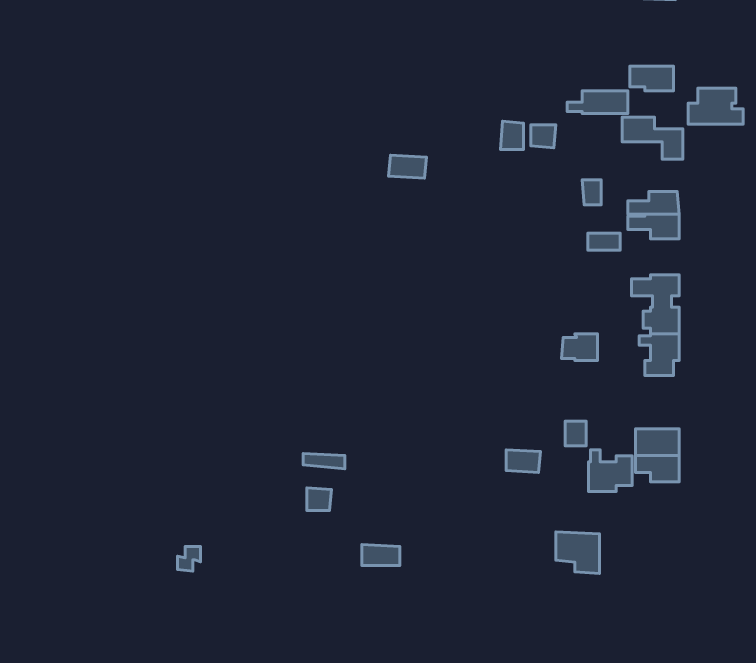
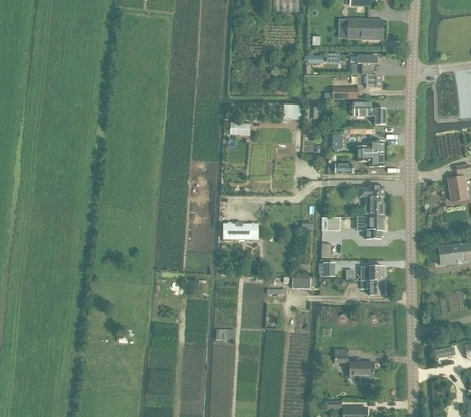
building: [688,88,743,124] -> [351,55,381,74]
building: none -> [223,222,258,239]
building: [588,450,632,491] -> none
building: [556,532,599,574] -> [350,361,374,383]

